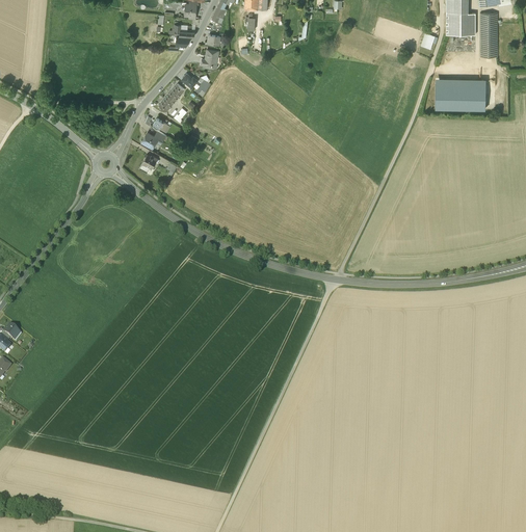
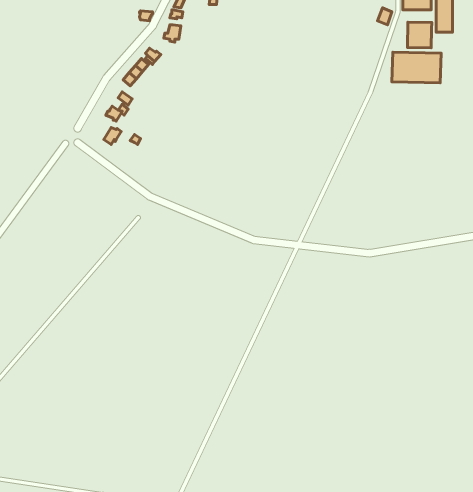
building: none -> [407,22,432,48]

